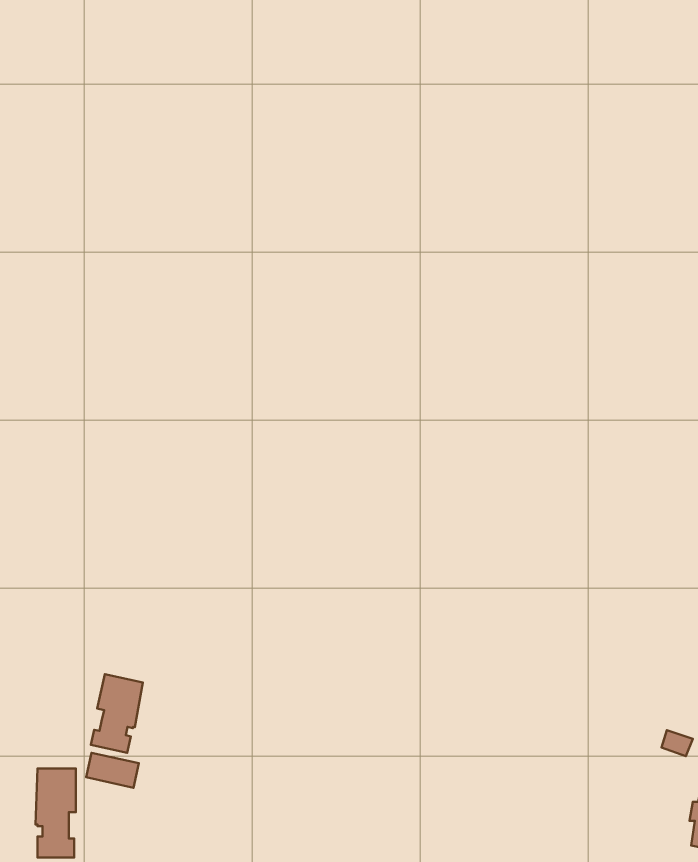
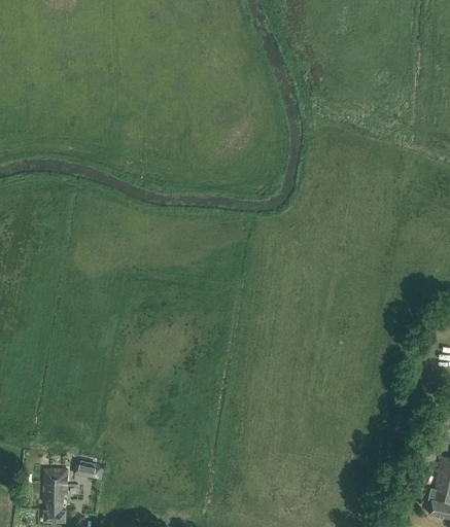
building: [91,674,143,753] -> none

